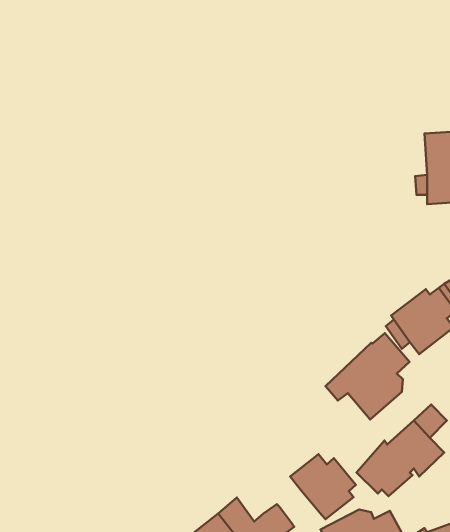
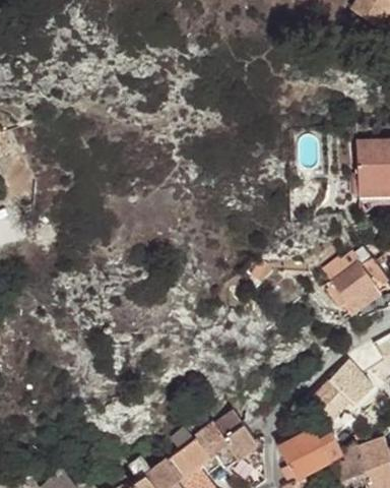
building: [326,333,410,419] -> none
building: [290,454,356,519] -> none

